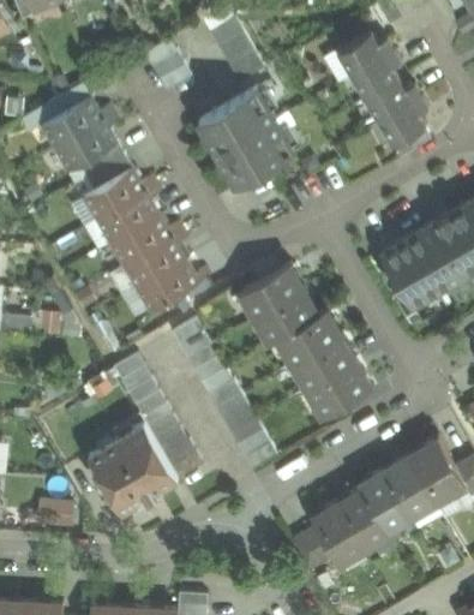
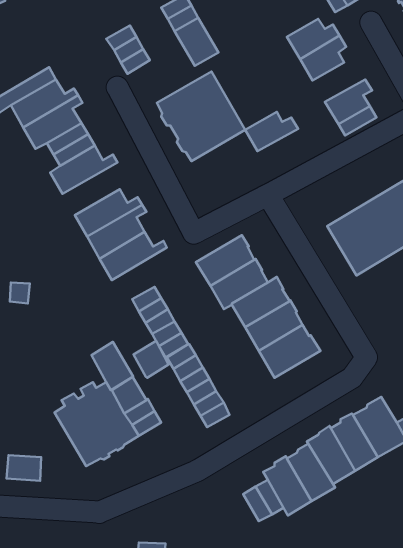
building: [365,80,421,123] -> [245,112,298,151]
building: [97,187,161,244] -> none
building: [114,354,151,394] -> [134,341,168,378]

